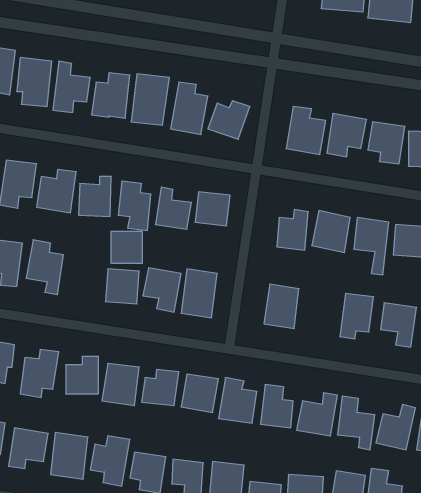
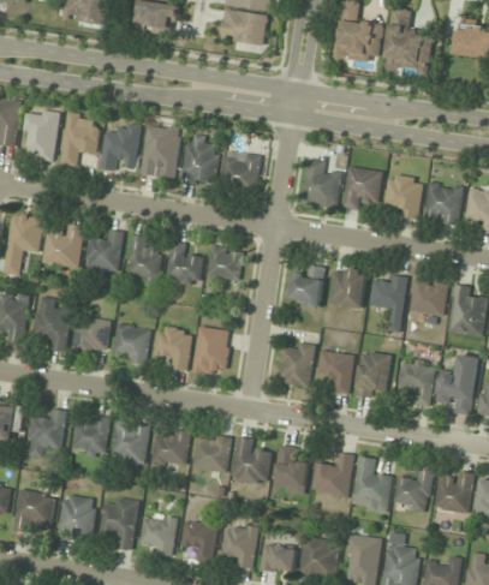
building: [111,232,142,263] -> [74,318,107,351]
building: none -> [317,350,353,394]

